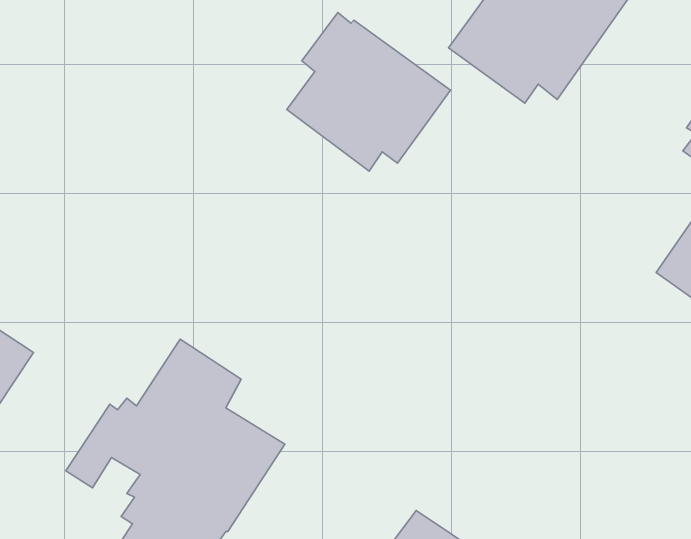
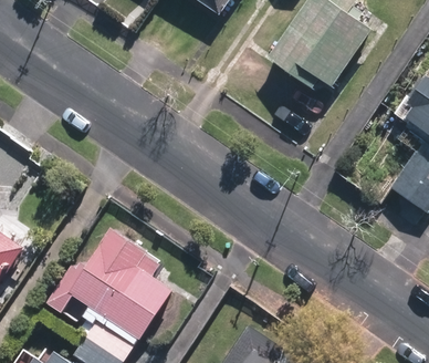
building: [287,13,450,171] -> none

